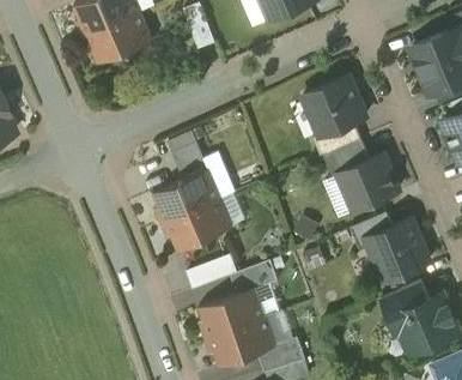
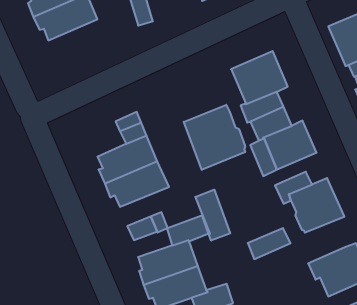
building: none -> [184,105,245,170]
building: none -> [195,190,230,241]
building: [382,281,430,315] -> [248,228,291,259]

